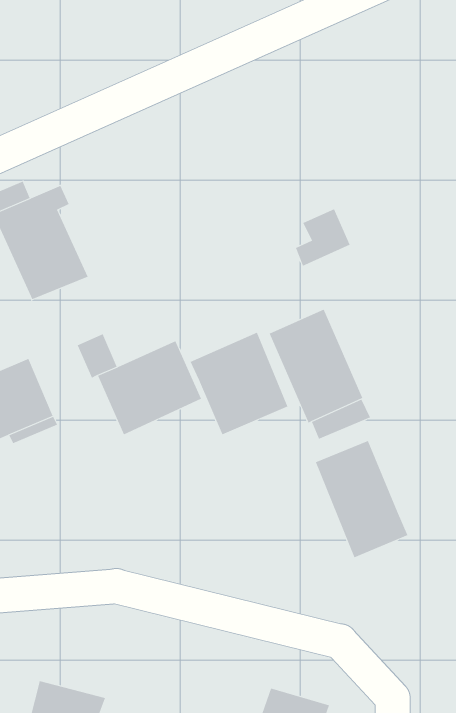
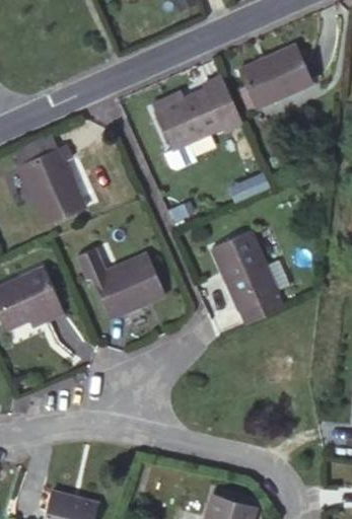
building: none -> [237,45,313,109]
building: none -> [155,76,242,170]
building: [190,332,288,435] -> none
building: [315,440,408,558] -> none

